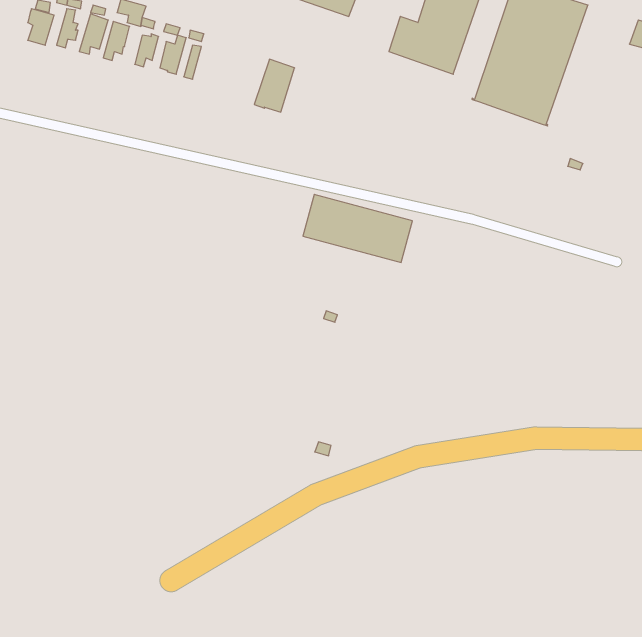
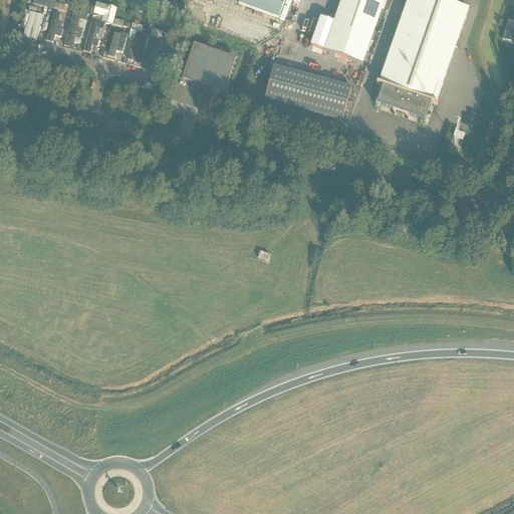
building: none -> [183,40,216,83]
building: none -> [376,81,432,117]
building: [303,194,412,262] -> [265,62,352,116]

